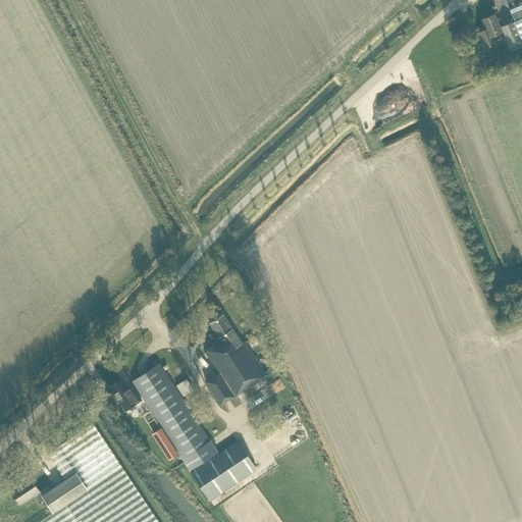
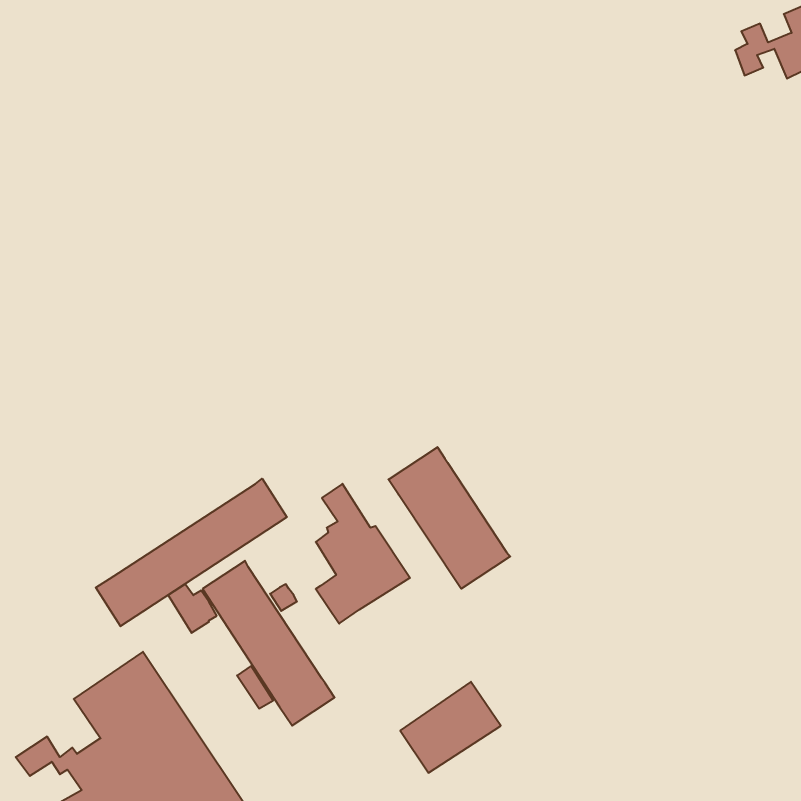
building: none -> [388,447,510,589]
building: none -> [96,479,287,626]
building: [192,441,257,501] -> [400,682,501,773]

